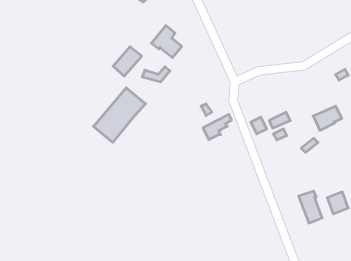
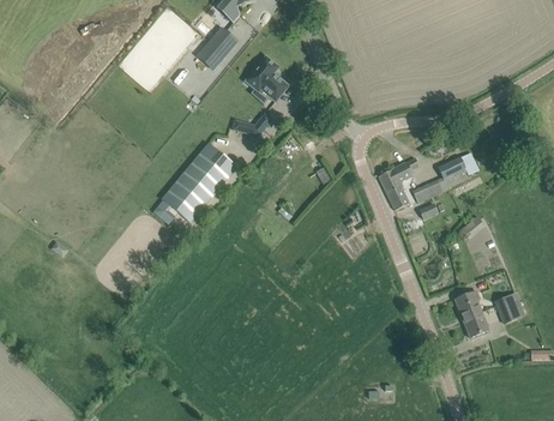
building: [113,47,142,76] -> [195,28,236,70]
building: [313,106,342,130] -> [436,152,477,187]
building: [203,114,231,140] -> [377,157,417,193]

